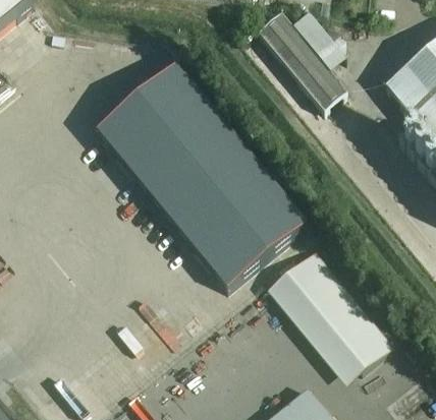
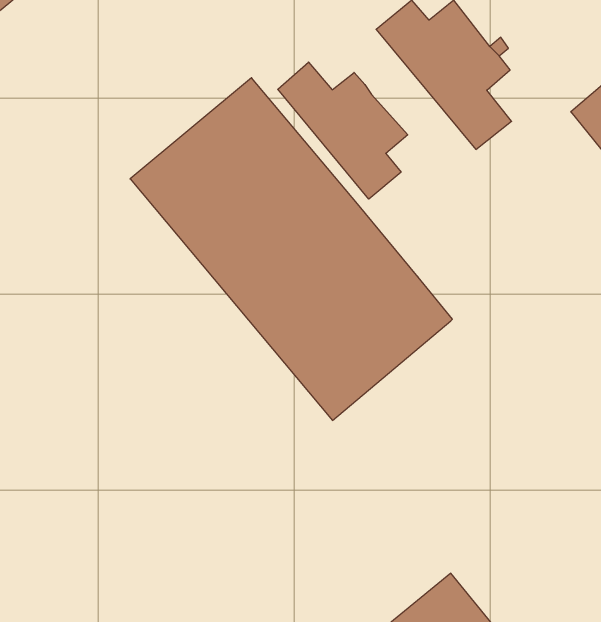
building: none -> [278,62,408,199]
building: [266,248,393,384] -> none

